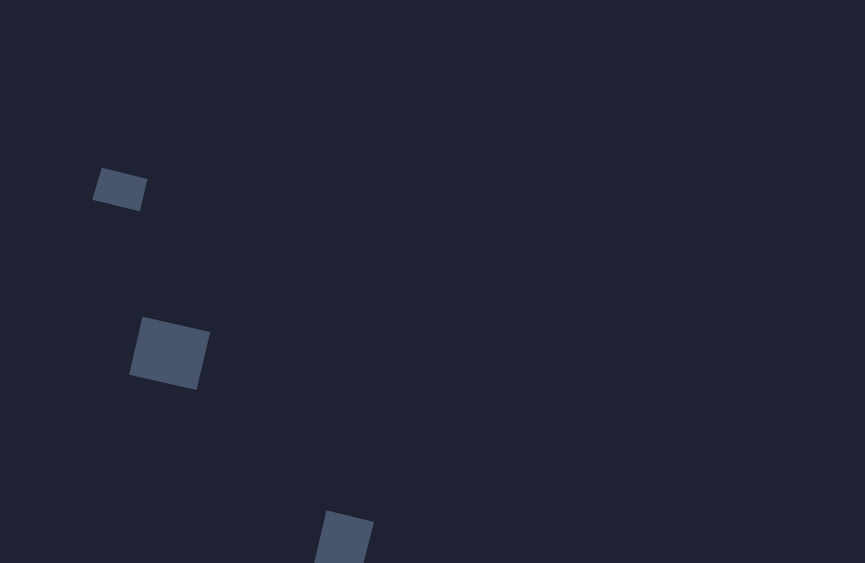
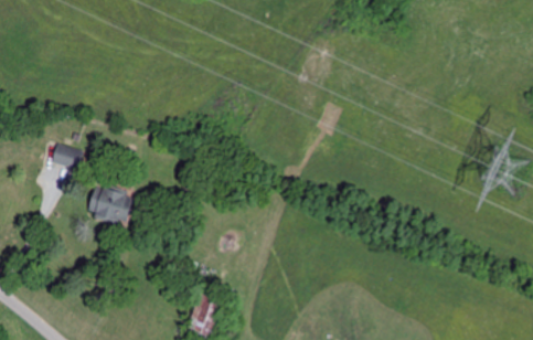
building: [91,167,148,212] -> [51,142,83,168]

